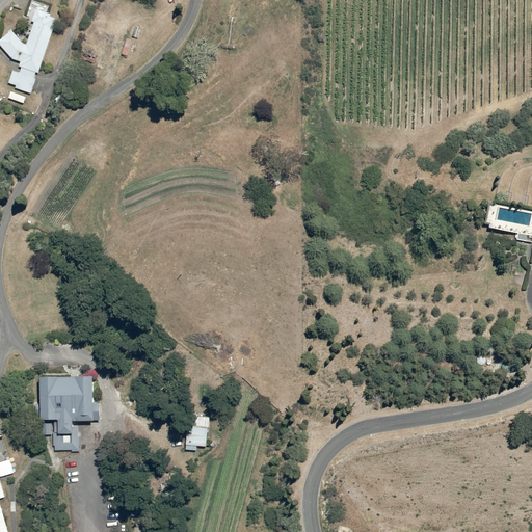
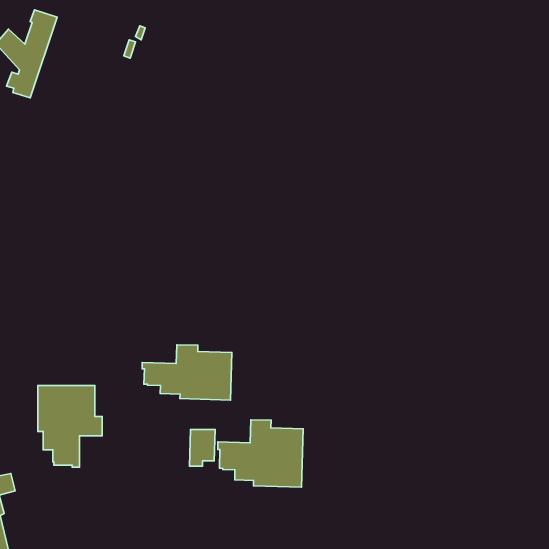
building: none -> [142,345,232,400]
building: none -> [218,420,303,487]

